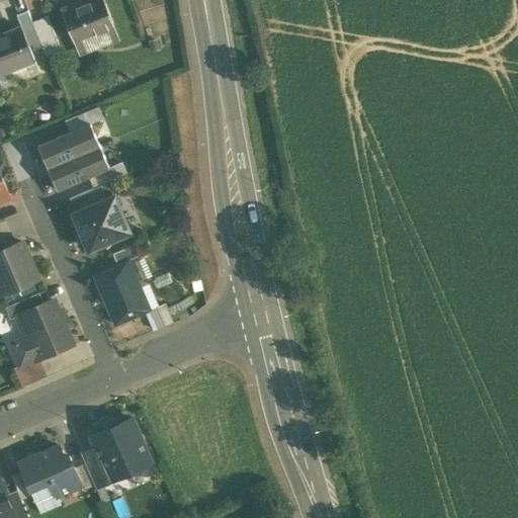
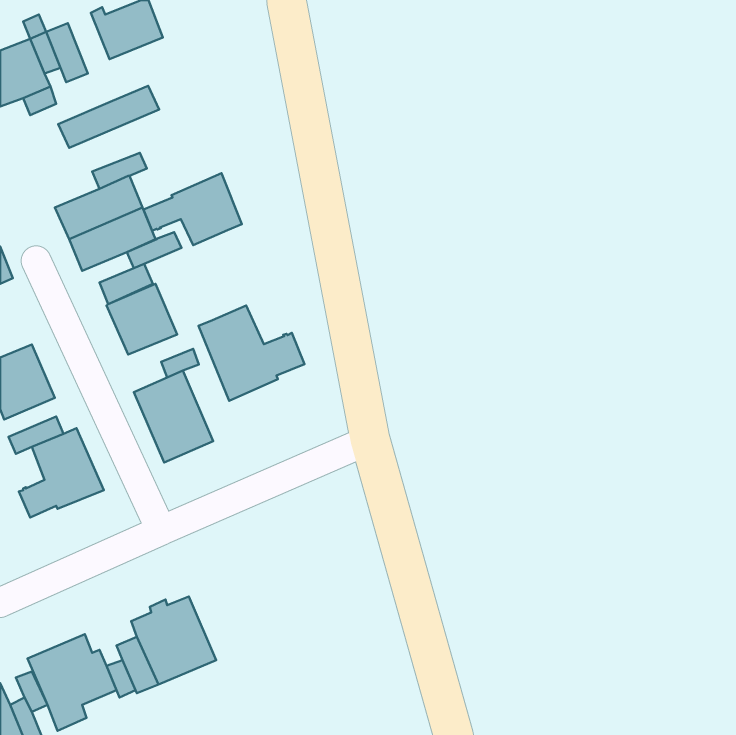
building: none -> [58,86,159,148]
building: none -> [144,173,242,245]
building: none -> [199,305,305,401]

